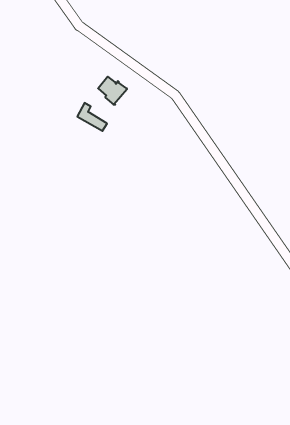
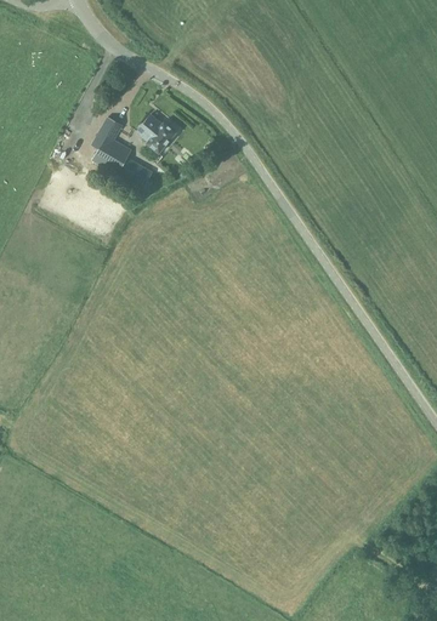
building: none -> [91,116,121,152]

